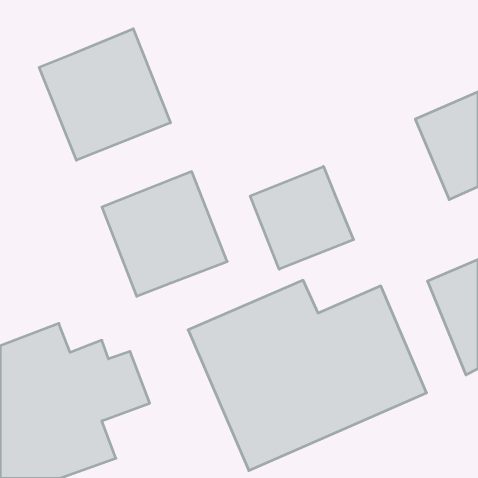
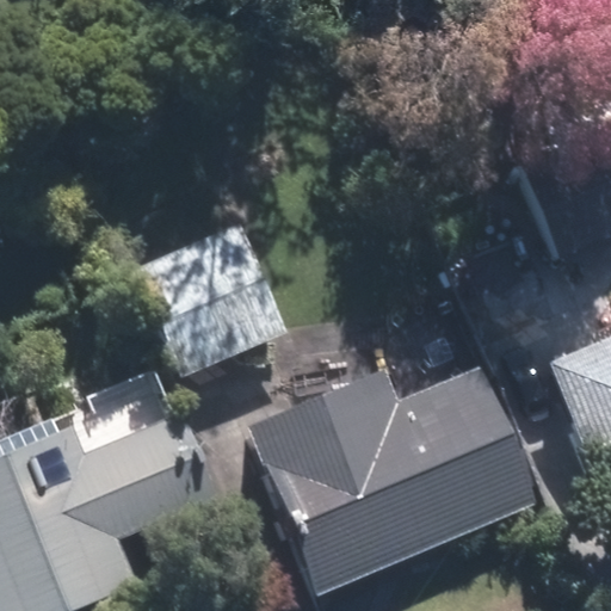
building: [39,29,170,160] -> none
building: [250,166,354,269] -> none

